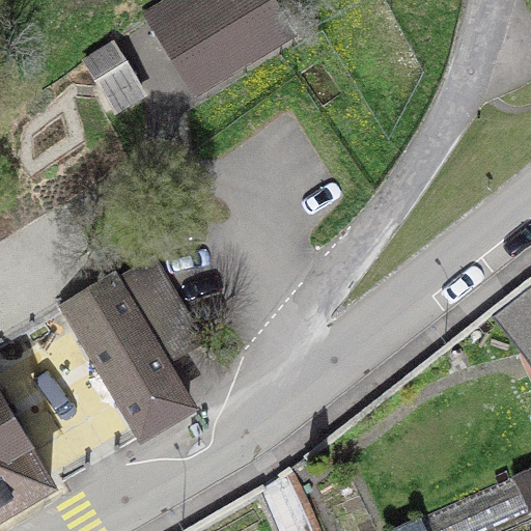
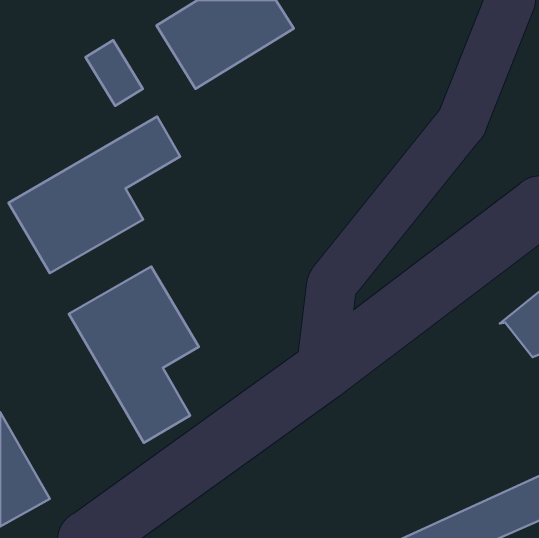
building: none -> [8,116,180,273]

